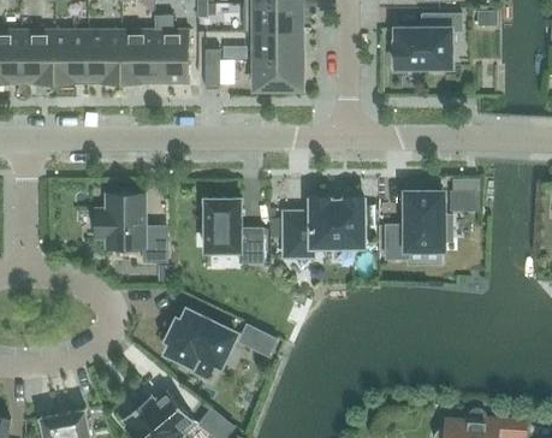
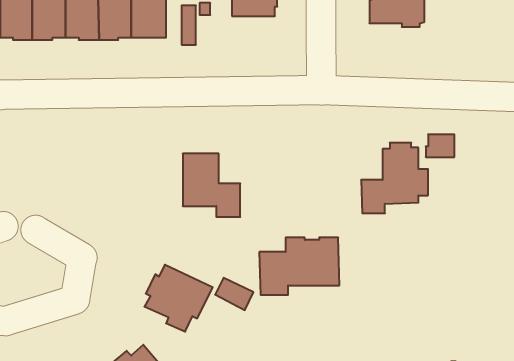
building: [255,60,301,89] -> none
building: [95,194,168,262] -> none
building: [284,199,364,256] -> [259,238,339,295]

